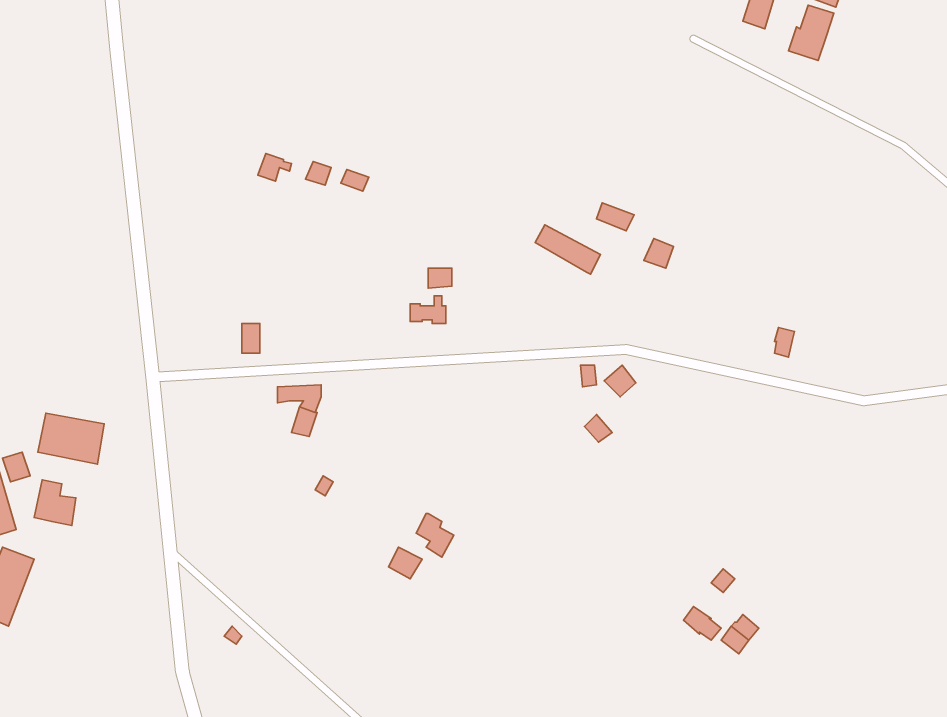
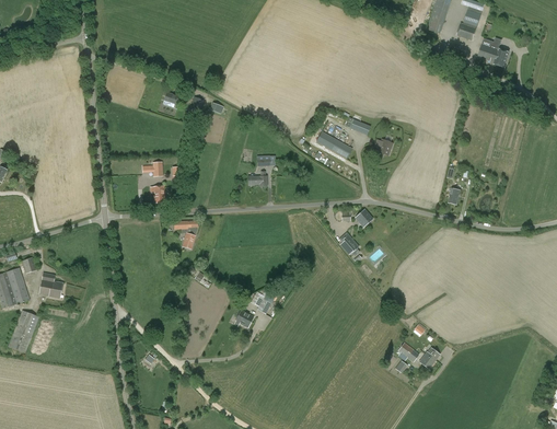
building: none -> [476,40,508,67]
building: [38,413,104,464] -> none

